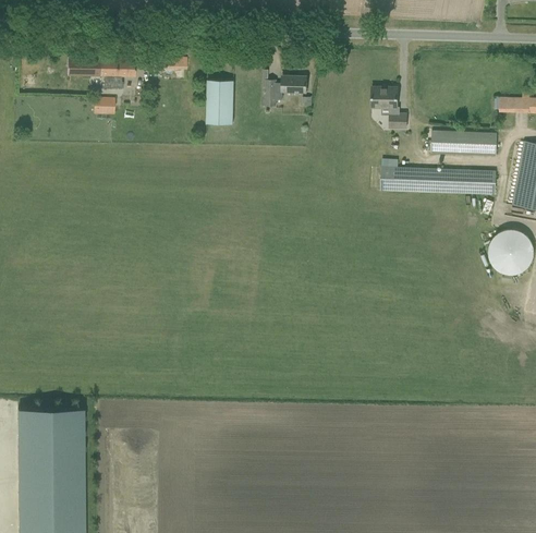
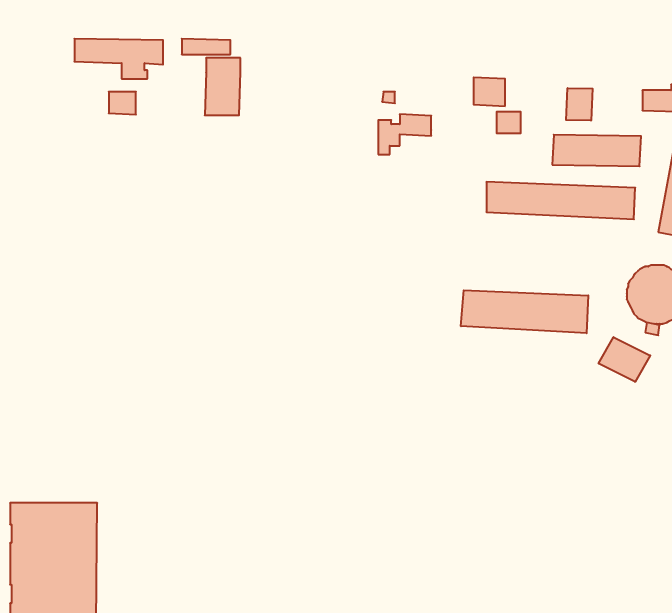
building: [266,75,306,106] -> [378,114,431,154]
building: [206,80,233,123] -> [205,58,240,115]
building: none -> [566,88,593,121]
building: none -> [461,290,588,333]
building: none -> [599,337,650,382]

